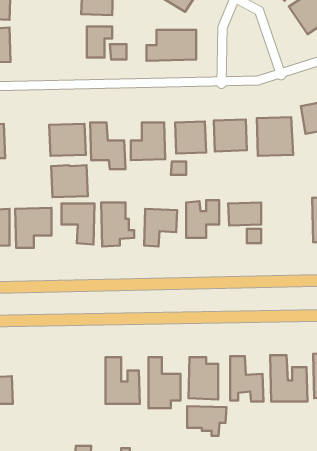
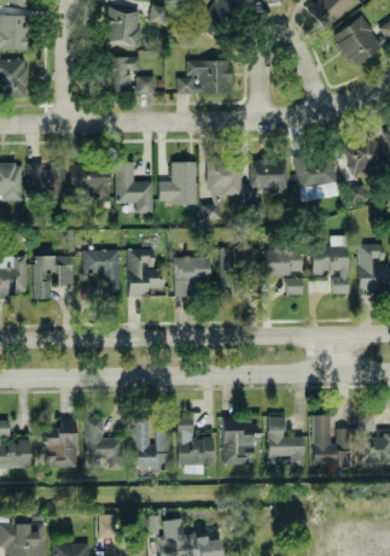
building: [51,165,88,197] -> [27,163,66,198]
building: none -> [312,236,348,294]
building: none -> [85,419,123,470]
building: none -> [40,420,77,468]
building: [187,406,226,436] -> none

